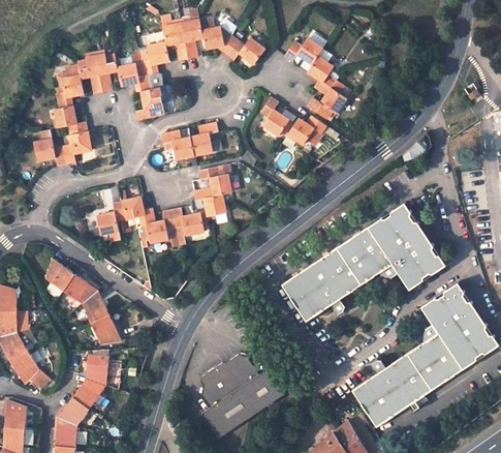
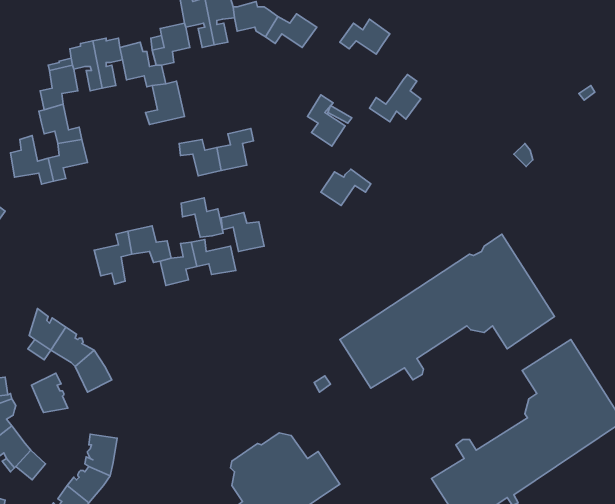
building: [306,57,332,95] -> none
building: [286,117,324,145] -> [321,169,371,206]
building: [197,164,229,194] -> [181,198,223,237]
building: [90,314,118,344] -> [31,373,68,412]

